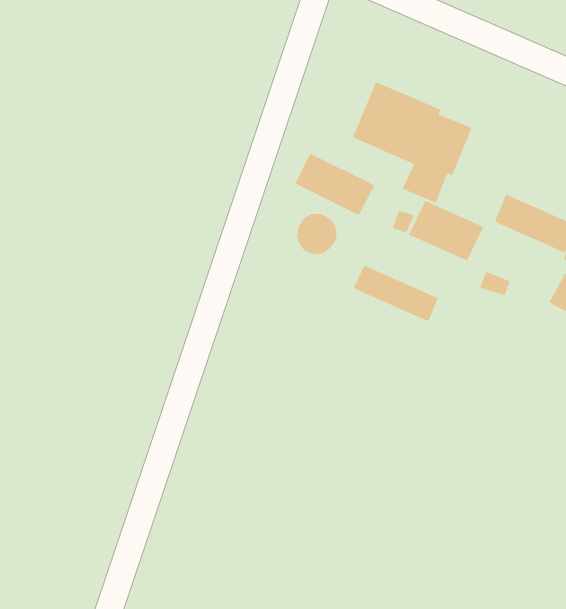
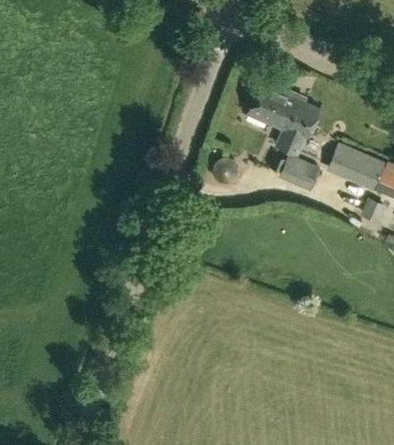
building: [295,153,375,216] -> none
building: [353,265,438,322] -> none

